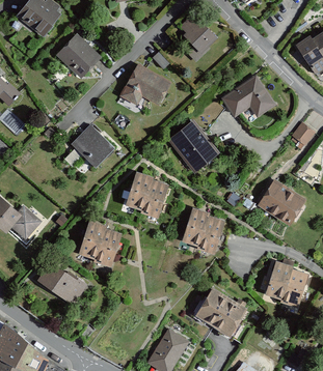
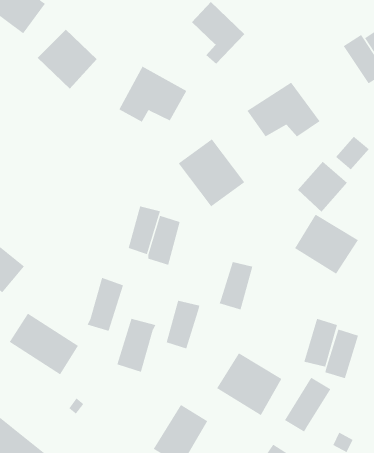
building: [69,123,115,169] -> none
building: none -> [297,161,348,213]
building: [183,208,210,247] -> [166,300,200,349]
building: [77,220,108,262] -> [116,318,156,372]
building: none -> [284,377,331,433]

